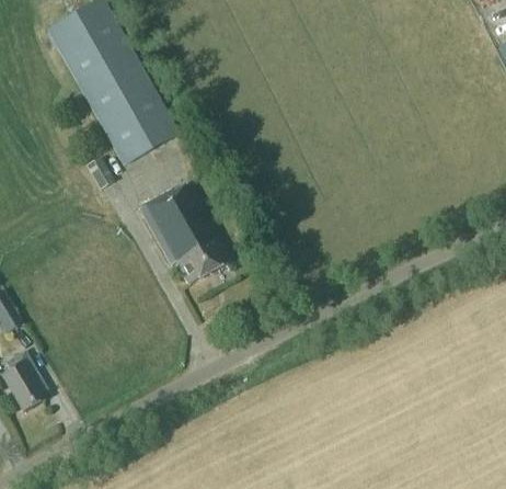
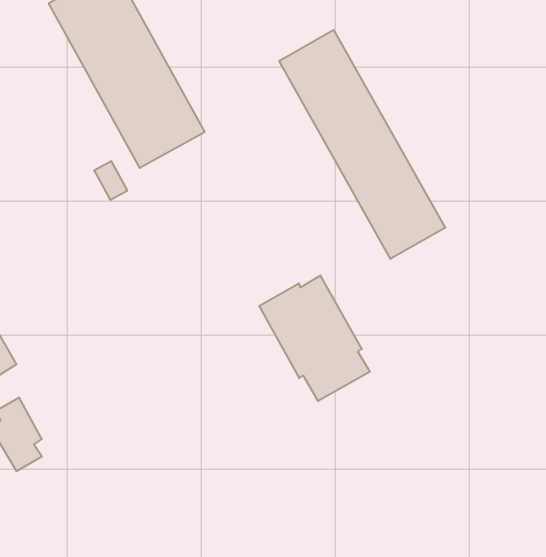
building: none -> [279,30,445,259]
building: [138,180,229,283] -> [259,275,370,401]

